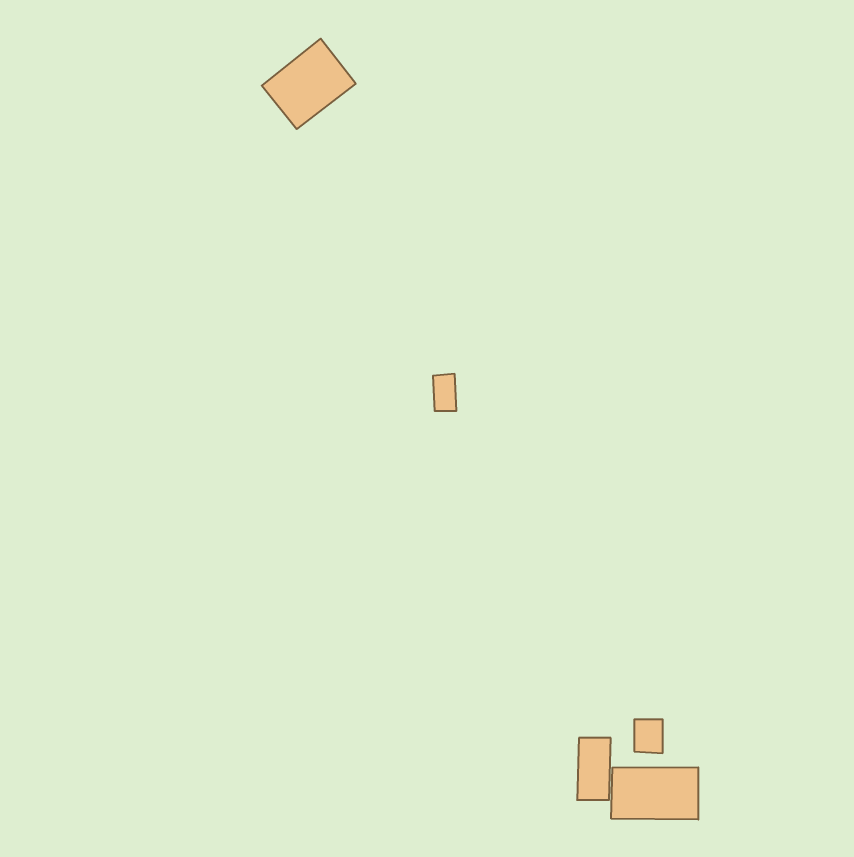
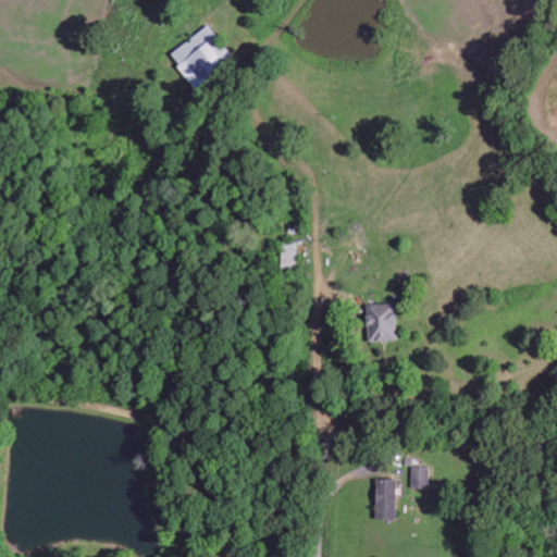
building: none -> [364,302,396,342]
building: [611,767,698,820] -> none

